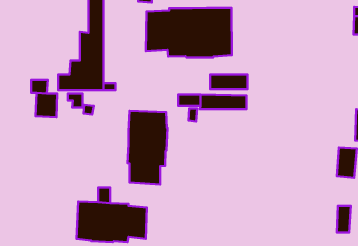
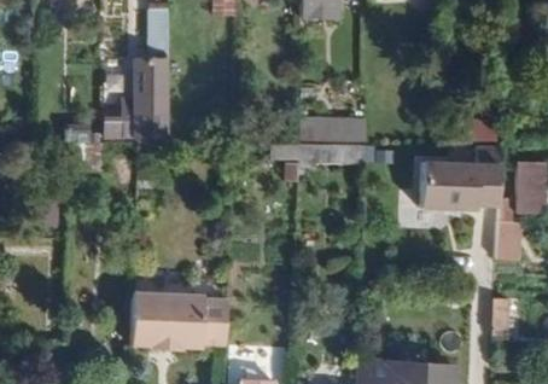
building: [146,8,232,58] -> none
building: none -> [421,145,501,209]
building: [128,111,168,184] -> none

